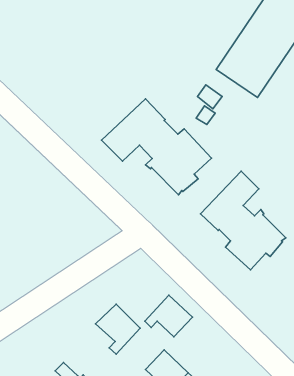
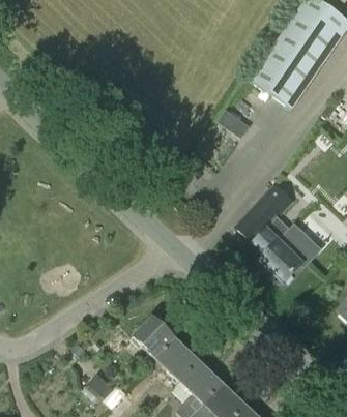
building: [102,99,211,195] -> none
building: [145,295,193,337] -> [150,339,198,381]

